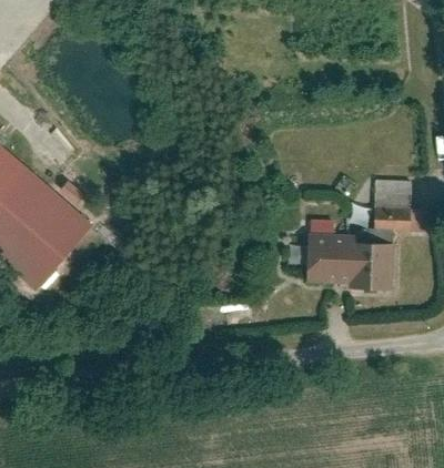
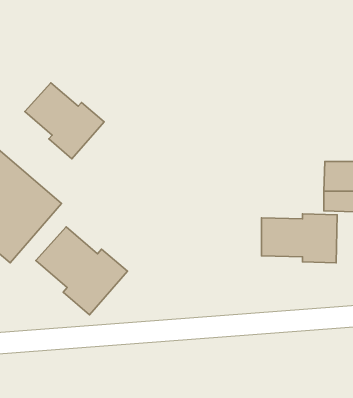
building: none -> [25,83,104,159]
building: none -> [36,227,127,315]

